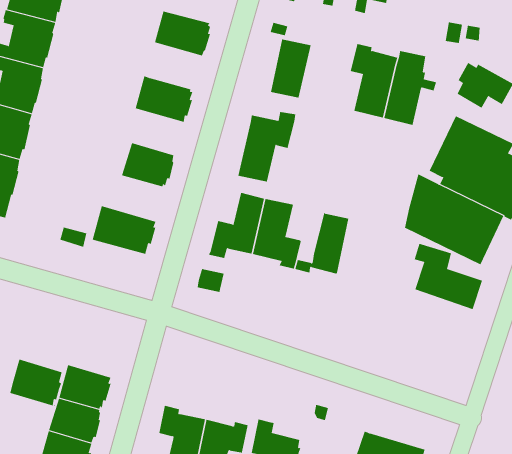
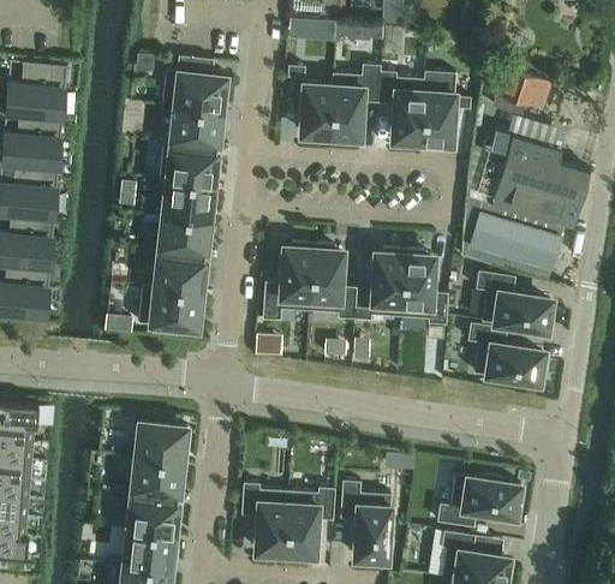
building: none -> [162,108,223,150]
building: none -> [160,180,215,222]
building: [237,111,296,182] -> [329,66,380,142]
building: none -> [142,252,207,294]
building: none -> [400,257,448,326]
building: none -> [468,323,544,383]
building: [9,359,63,407] -> [135,422,187,465]

